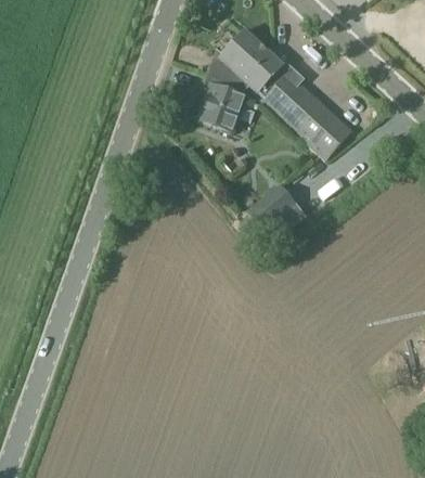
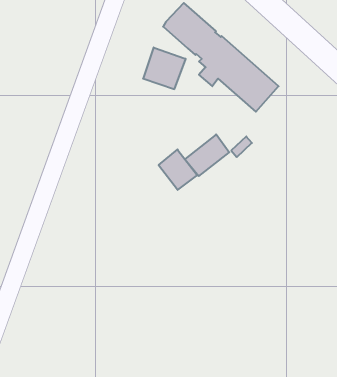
building: [211,57,249,94] -> none
building: none -> [159,149,198,190]

